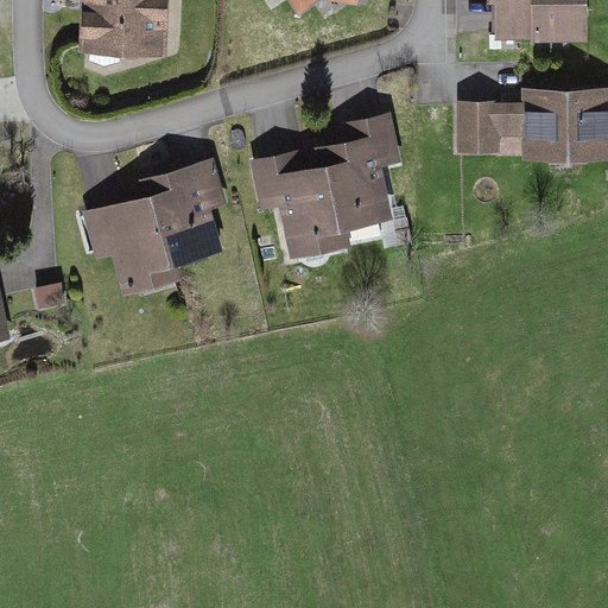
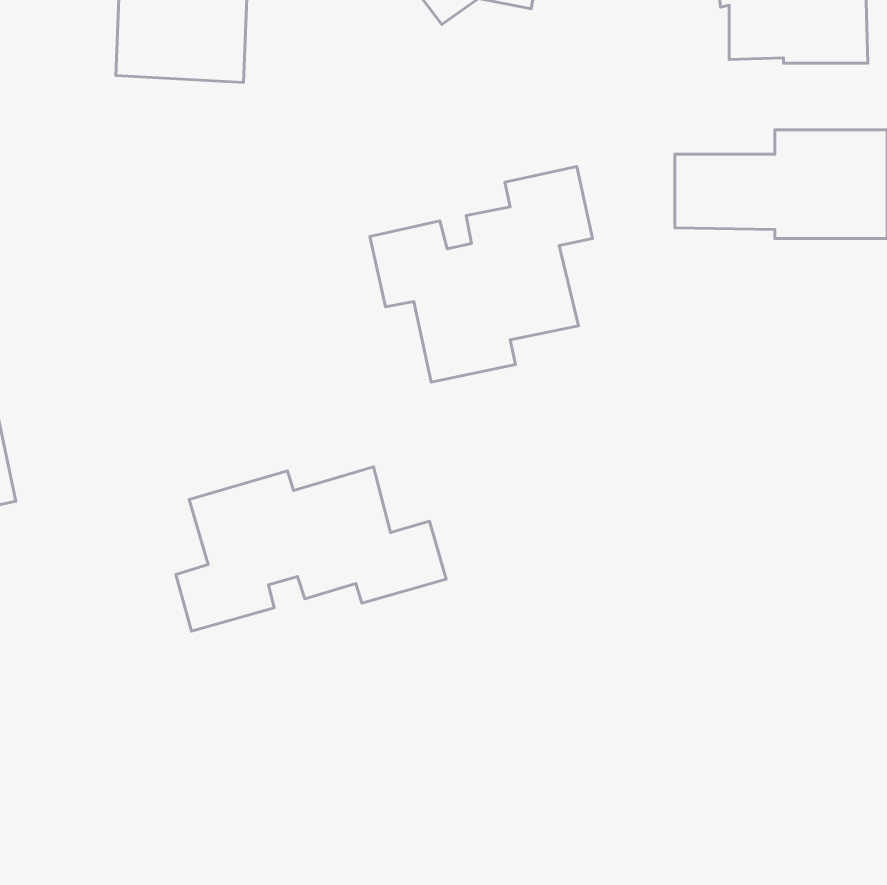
building: [84,158,227,298] -> none
building: none -> [176,467,446,631]

